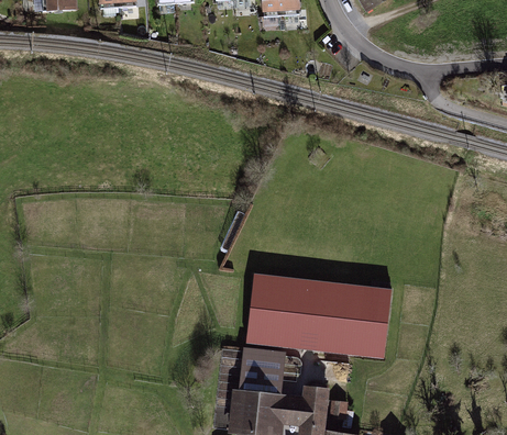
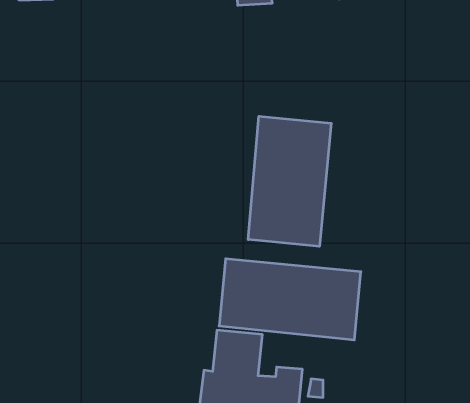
building: none -> [248,116,331,246]

